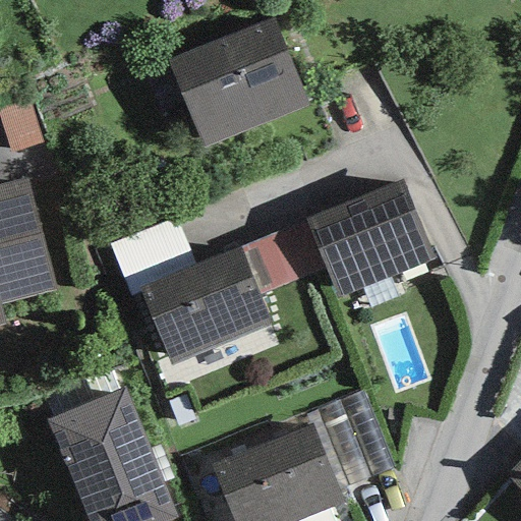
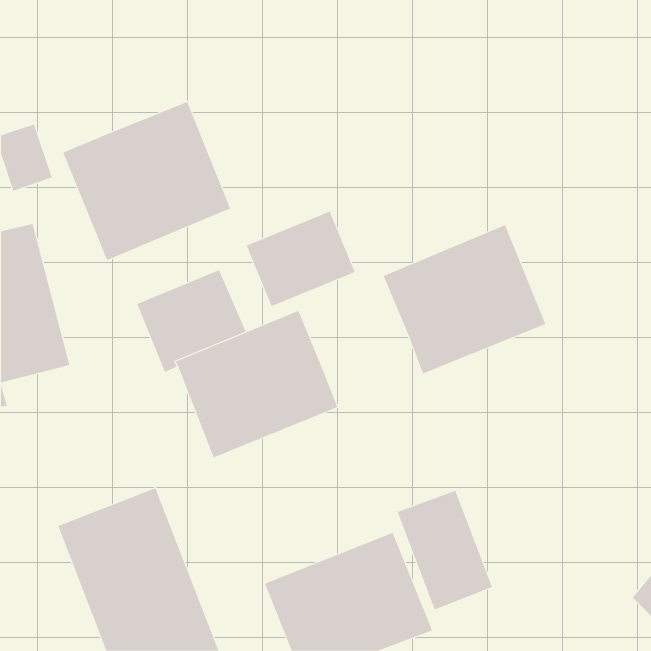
building: [168,16,309,147] -> none
building: none -> [62,101,231,261]
building: [239,220,327,296] -> [246,211,356,307]

